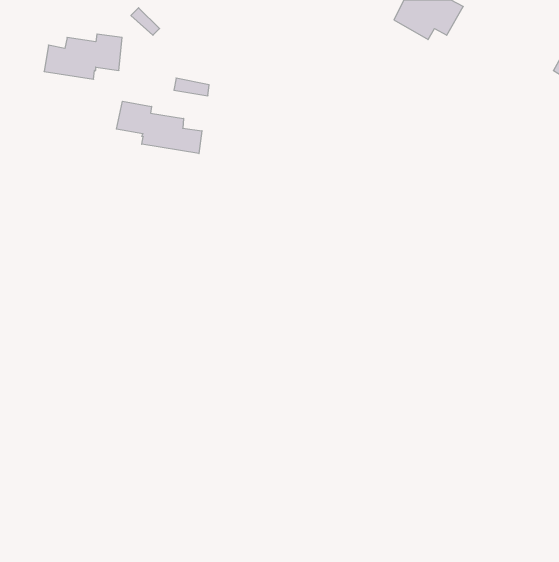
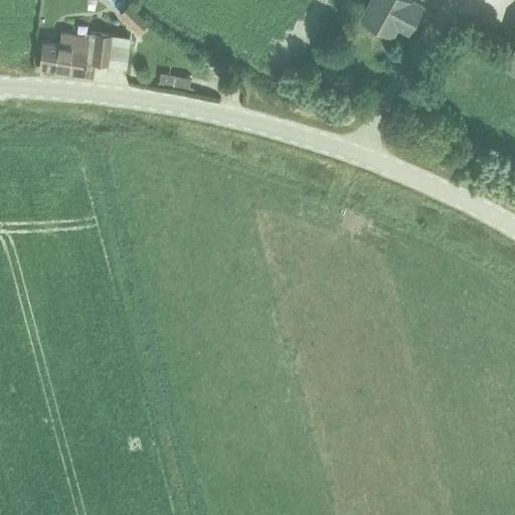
building: [116,101,202,154] -> none

